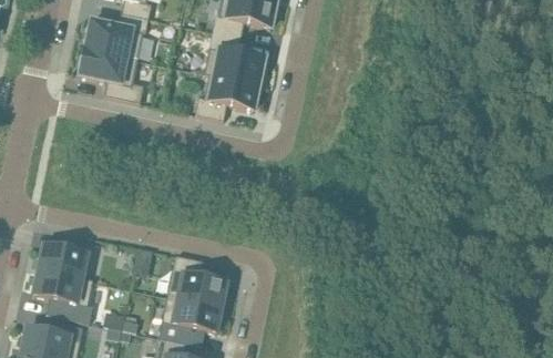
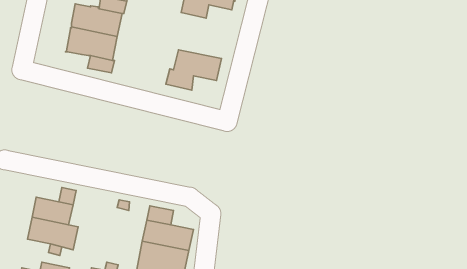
building: [204,29,265,82] -> none

